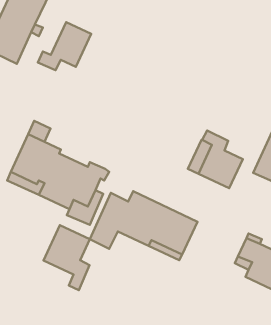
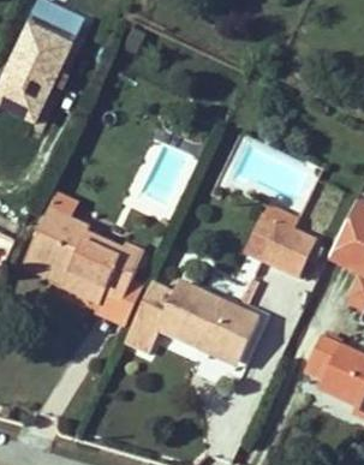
building: [38,22,91,70] -> none
building: [44,225,90,290] -> none

